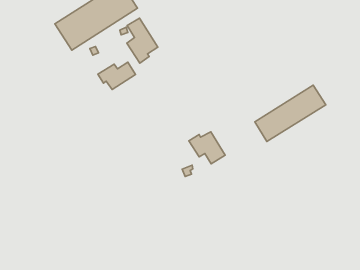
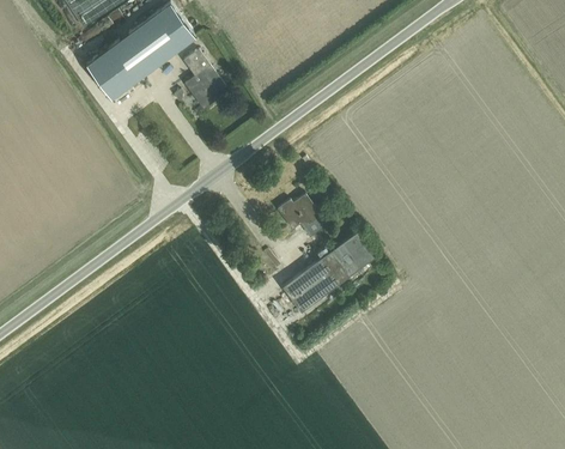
building: [98,62,135,89] -> none
building: [255,85,326,142] -> [282,232,376,313]

